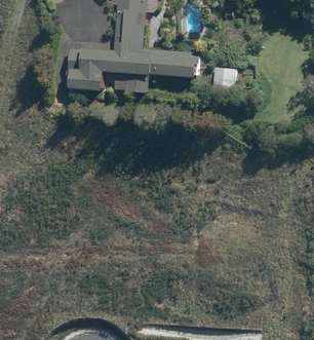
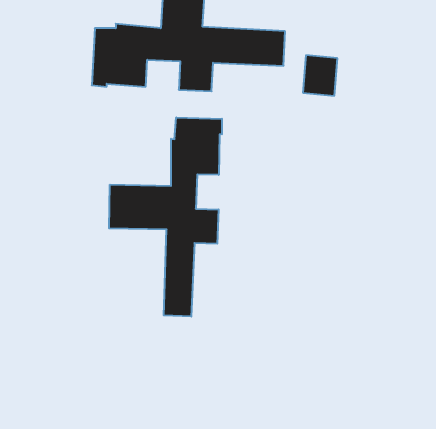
building: none -> [109,117,222,317]

